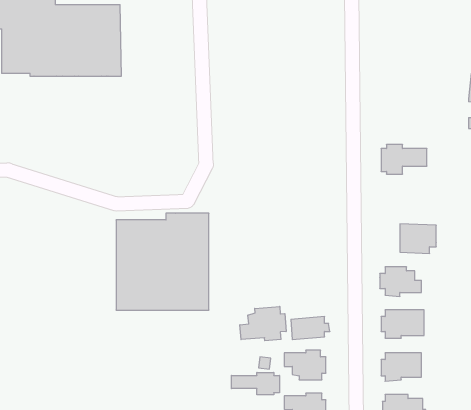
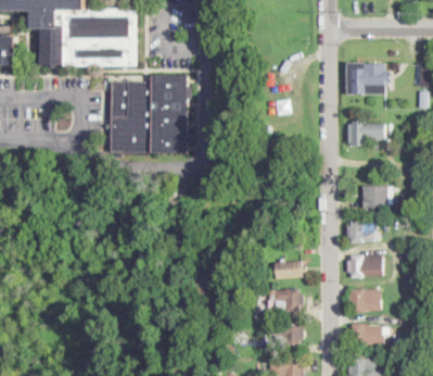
building: none -> [345,64,390,95]
building: [116,213,209,310] -> [111,76,186,154]
building: [240,306,286,341] -> none
building: [231,372,279,395] -> none

